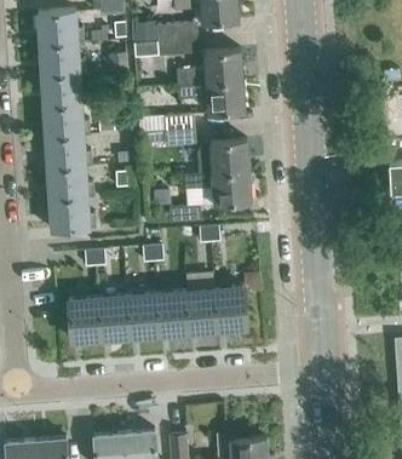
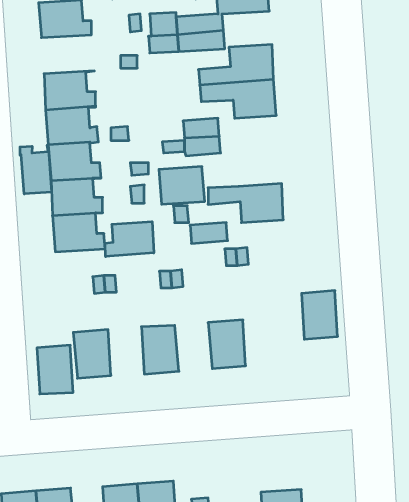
building: [40,41,86,75] -> none
building: none -> [20,145,51,194]
building: [209,140,249,173] -> [159,167,205,204]
building: none -> [105,222,154,257]
building: [216,287,247,329] -> [302,291,338,339]
building: [156,292,189,334] -> none
building: [98,296,130,338] -> [37,345,73,394]

